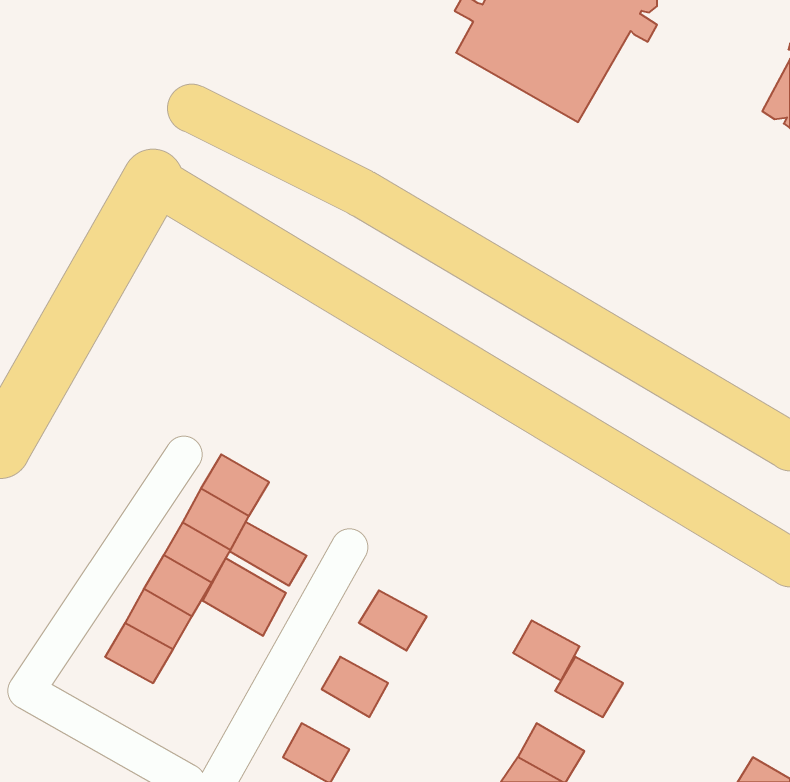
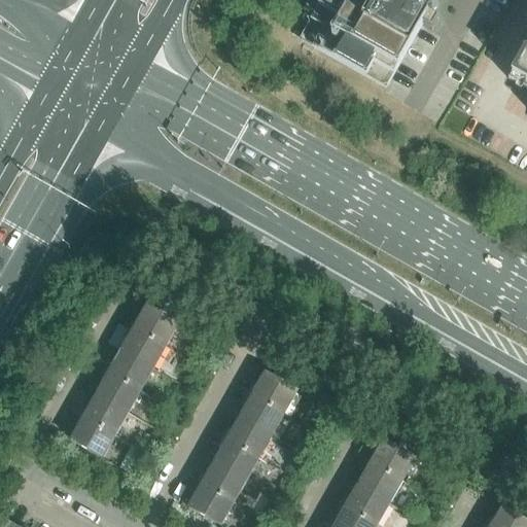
building: [230,522,307,586] -> none
building: none -> [252,370,297,411]
building: [203,558,286,636] -> none
building: [513,620,580,681] -> [357,460,401,500]
building: none -> [226,415,271,455]
building: none -> [201,459,246,499]

